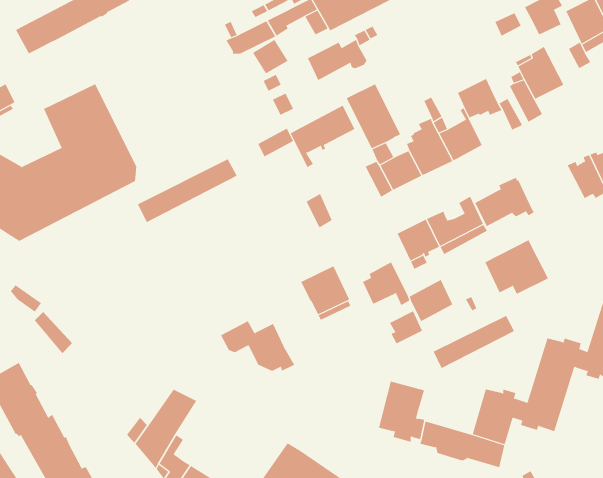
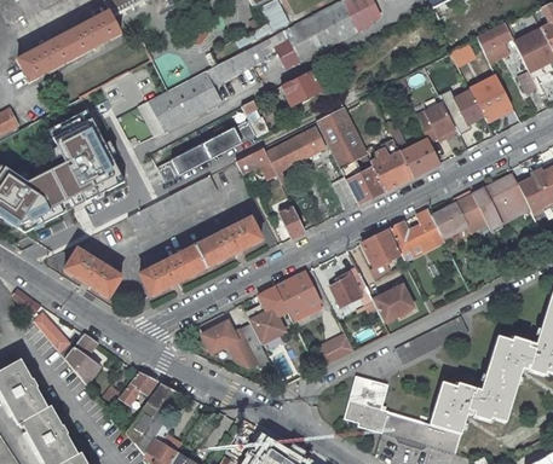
building: none -> [138,70,220,135]
building: none -> [156,128,236,181]
building: none -> [139,216,261,295]
building: [485,240,549,294] -> [472,173,530,222]
building: none -> [63,248,121,296]
building: none -> [244,285,284,343]
building: [389,311,423,344] -> [323,332,353,362]
building: none -> [64,332,98,383]
building: none -> [119,371,156,404]

